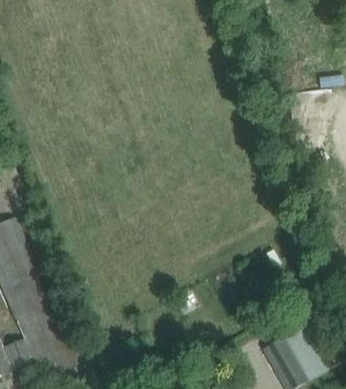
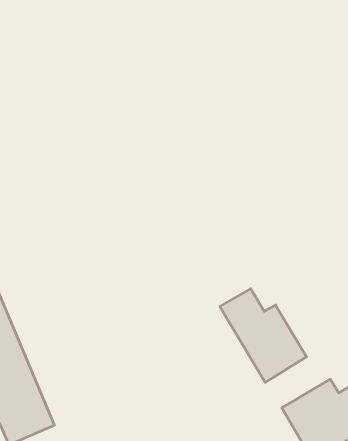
building: none -> [220,289,307,382]

